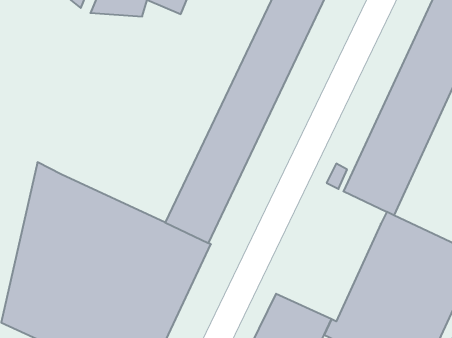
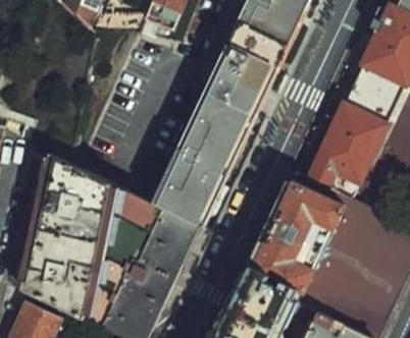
building: none -> [253,183,342,289]

